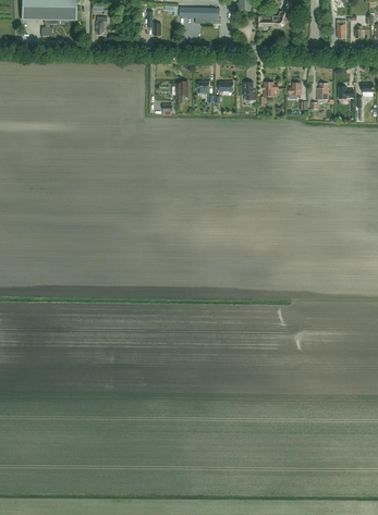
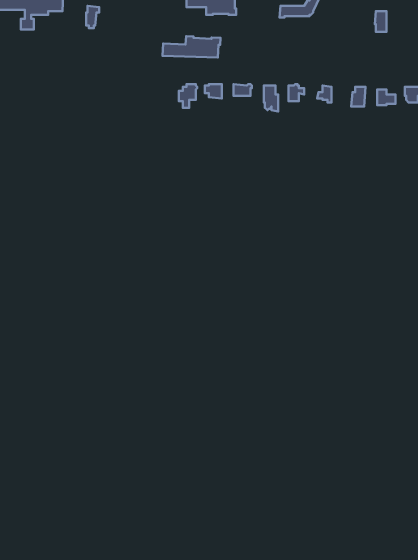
building: none -> [163,36,220,57]

